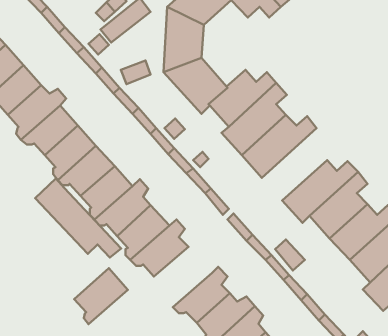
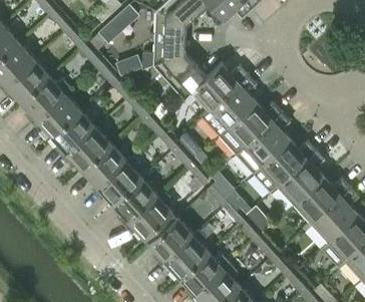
building: none -> [236,112,291,174]
building: [35,178,121,258] -> none
building: [74,268,128,324] -> [148,217,194,264]

